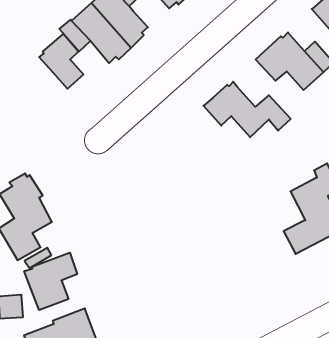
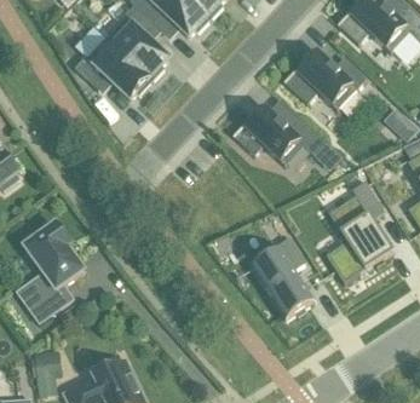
building: [39,34,83,89] -> none
building: none -> [252,235,313,319]
building: [24,253,77,310] -> none

